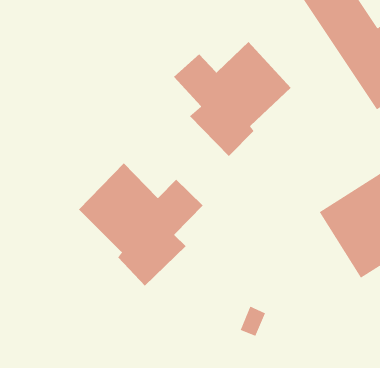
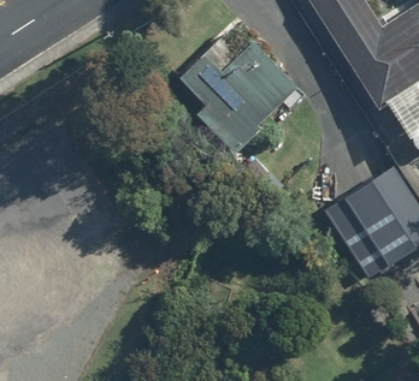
building: [78,163,204,286] -> none

